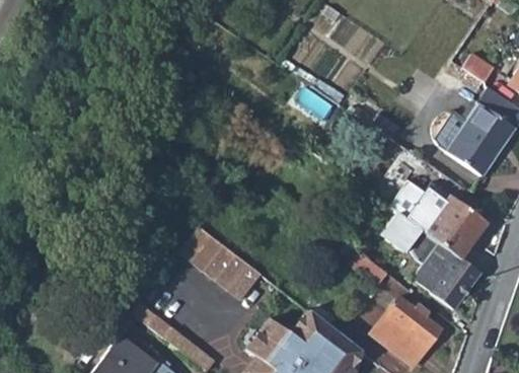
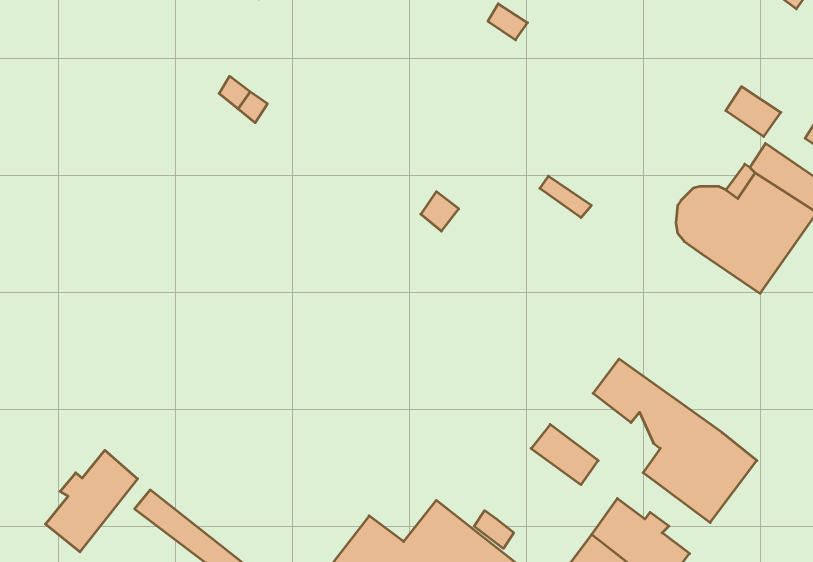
building: [389,181,488,257] -> none
building: [165,214,247,287] -> none
building: none -> [45,450,138,552]

